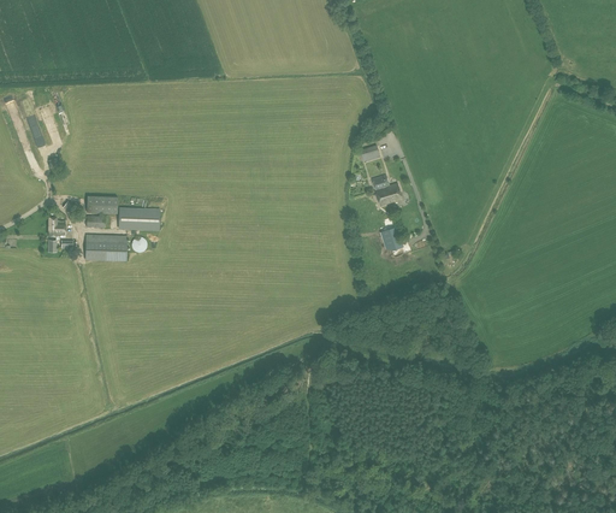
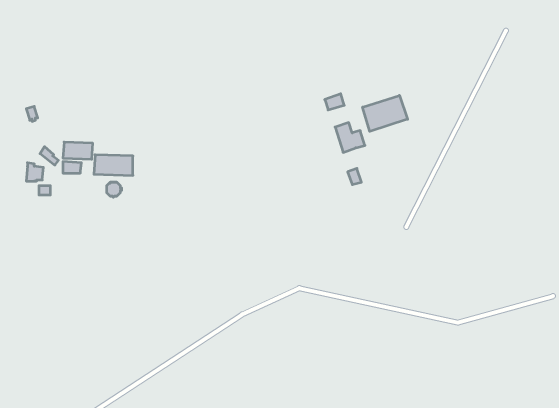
building: none -> [363,95,408,131]
building: [84,234,126,260] -> none

